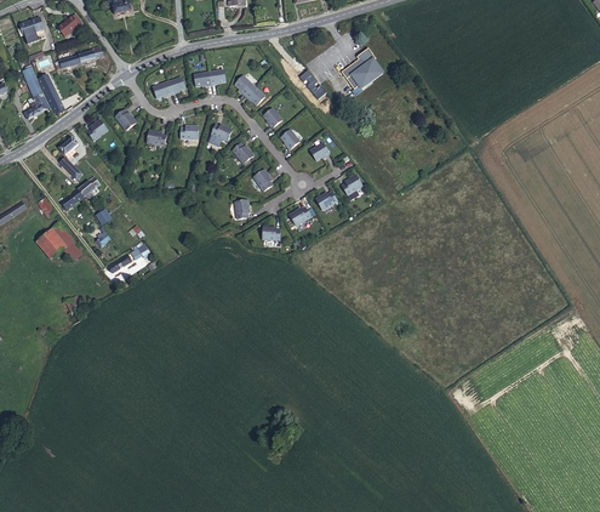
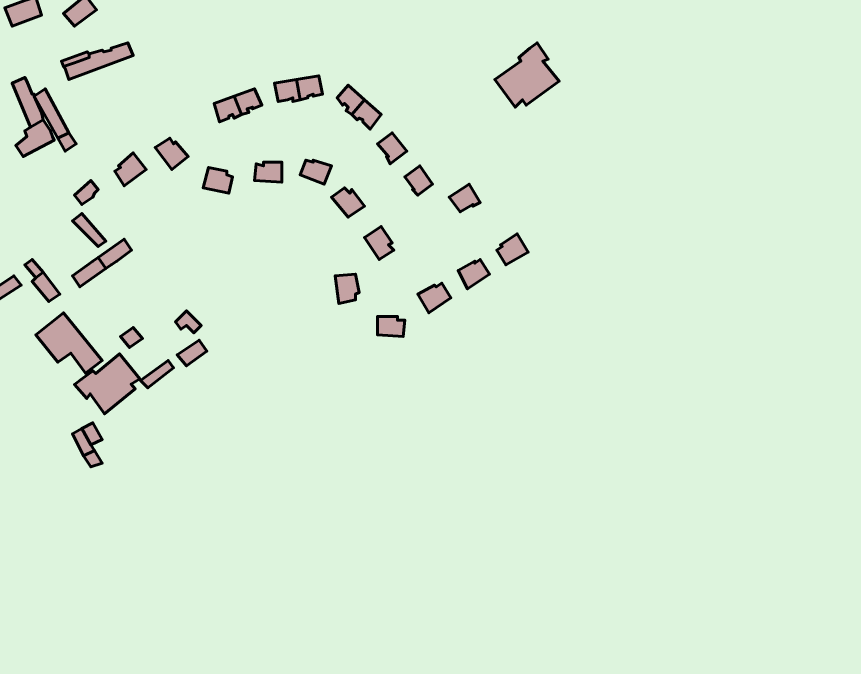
building: none -> [75,354,140,414]

